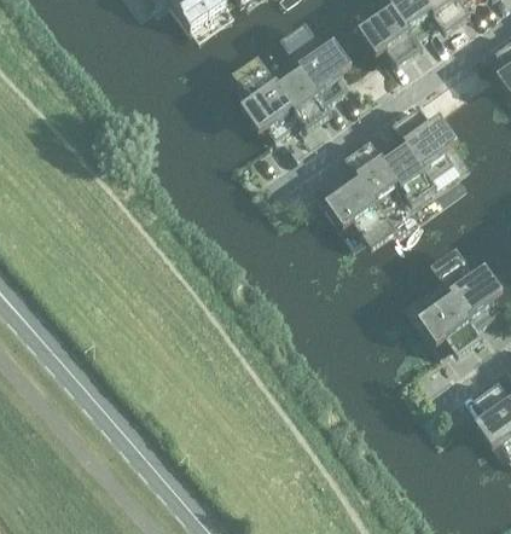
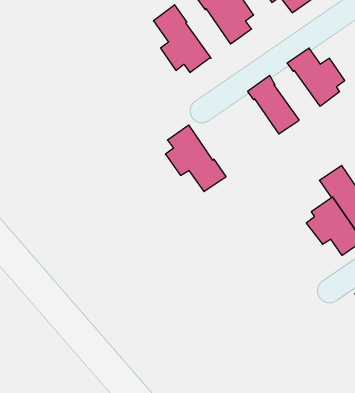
building: [272,59,333,128] -> none
building: [377,133,439,203] -> none
building: [326,167,399,246] -> [165,125,226,192]

